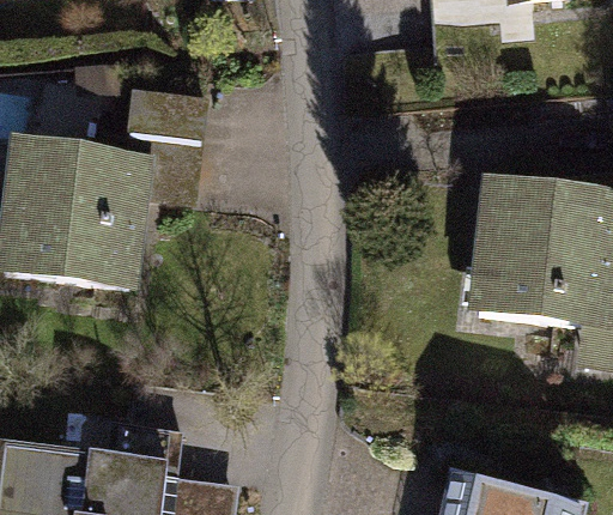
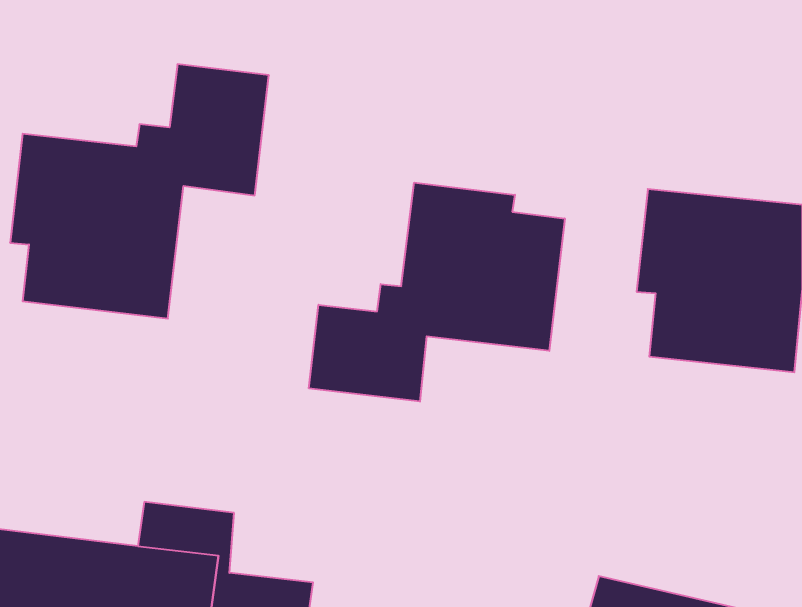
building: none -> [309,183,565,402]

